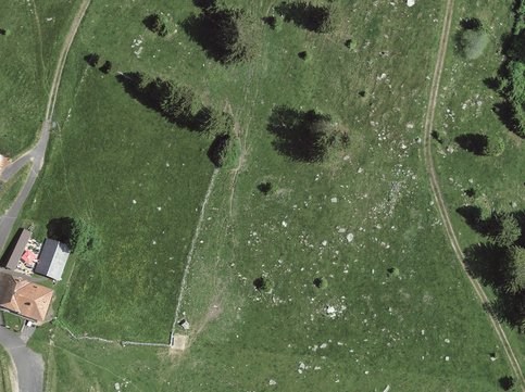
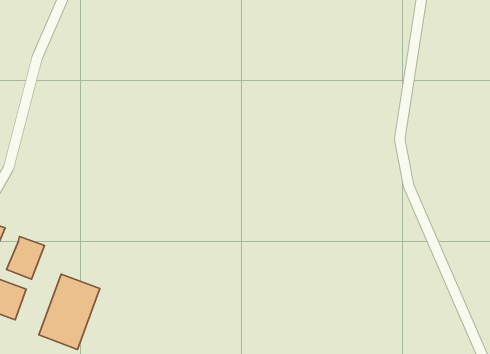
building: none -> [39,274,100,350]

